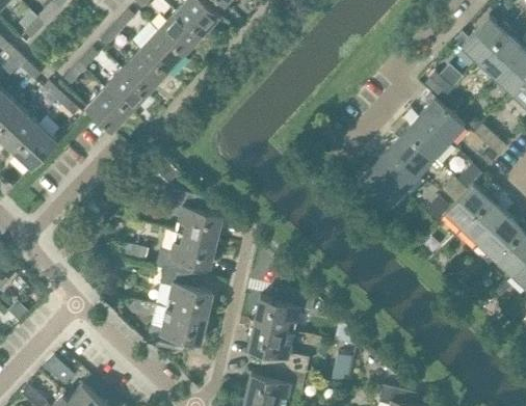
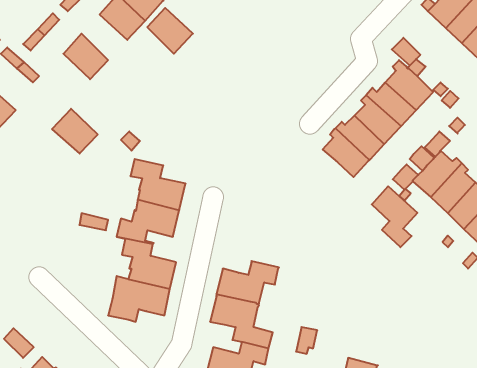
building: [122,51,166,96] -> [147,8,193,54]
building: [85,89,130,133] -> [52,109,98,154]
building: none -> [372,186,417,247]

